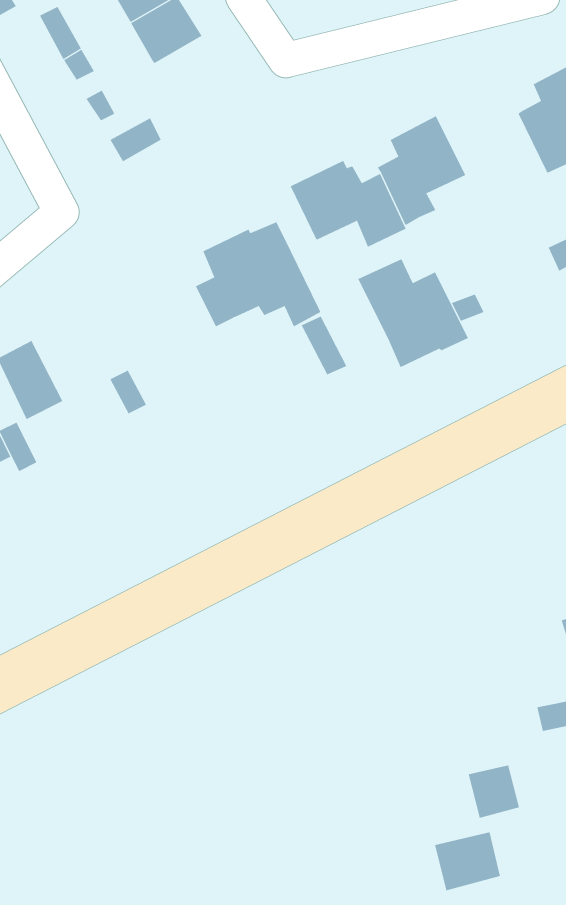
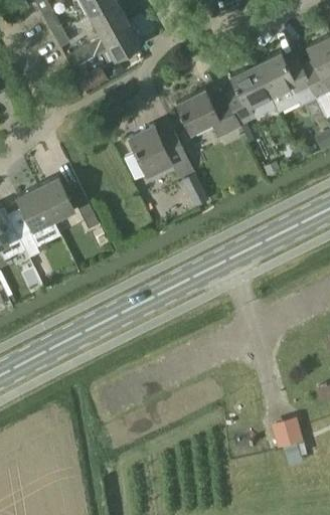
building: none -> [87,23,142,61]
building: [357,258,469,368] -> [256,55,316,115]
building: none -> [36,178,74,221]
building: [434,832,500,891] -> none

